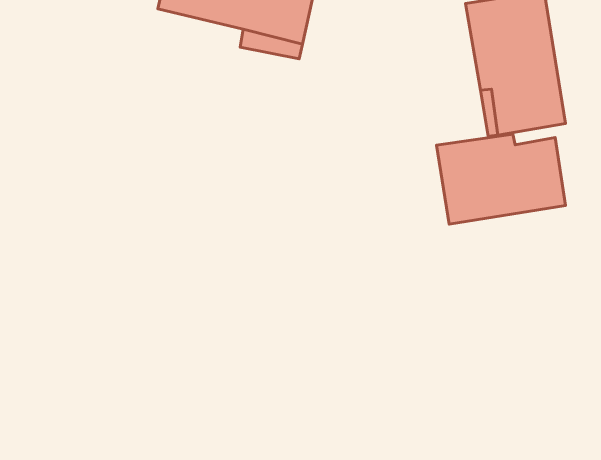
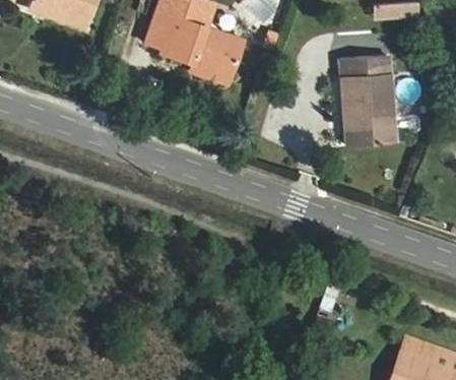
building: [437,134,566,224] -> none

